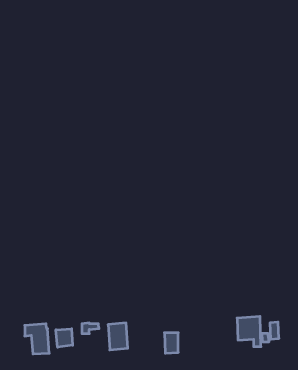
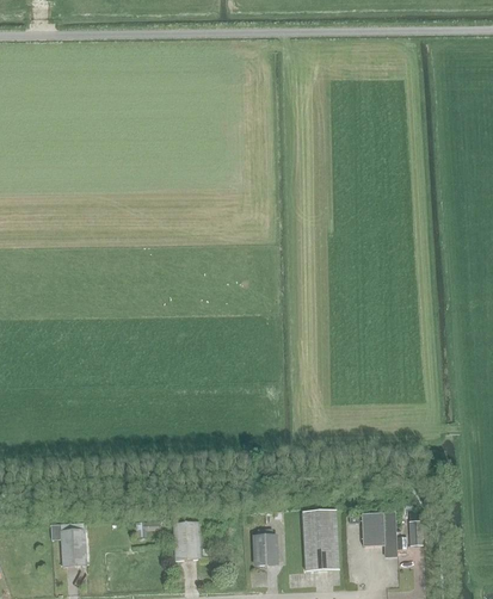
building: none -> [303,510,340,572]
building: [56,329,73,347] -> none

